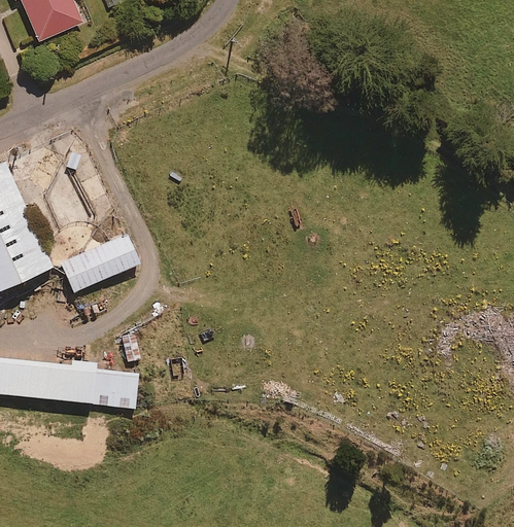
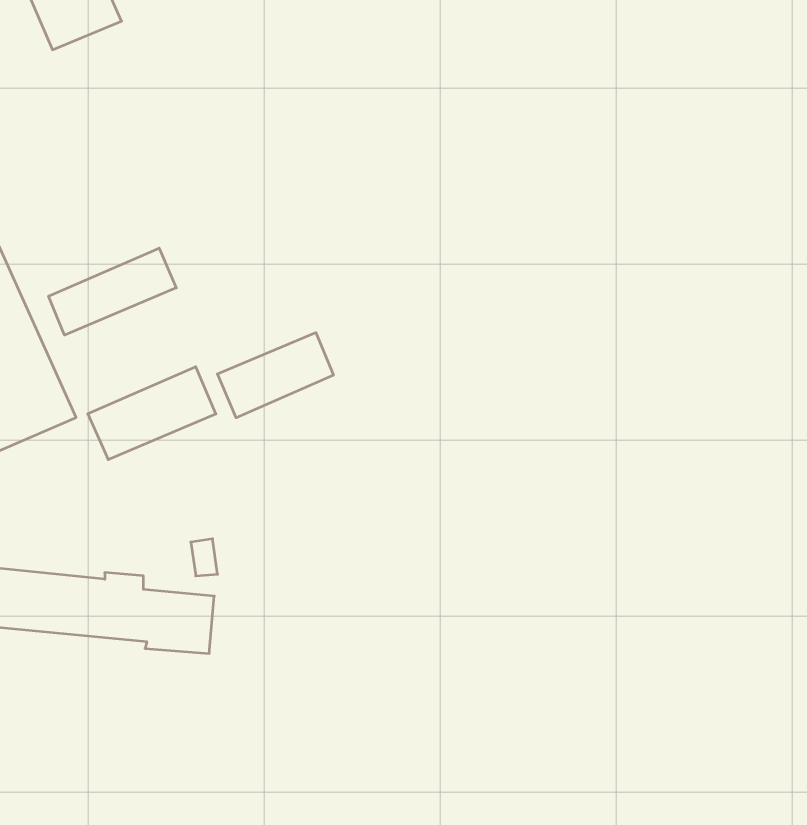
building: none -> [49,248,176,335]
building: none -> [217,333,333,418]

